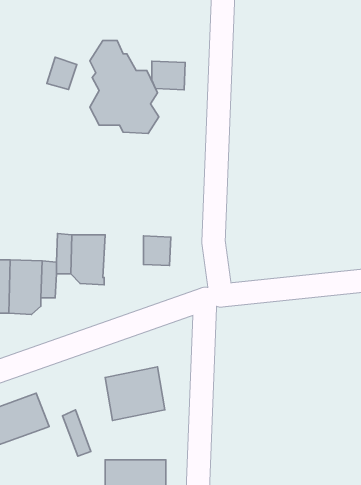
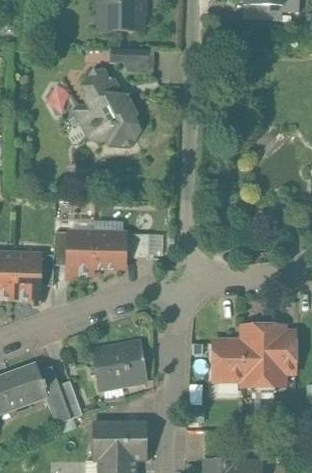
building: [152,61,185,90] -> [124,48,152,72]
building: none -> [92,231,126,267]
building: none -> [212,324,295,385]
building: none -> [38,365,71,423]

